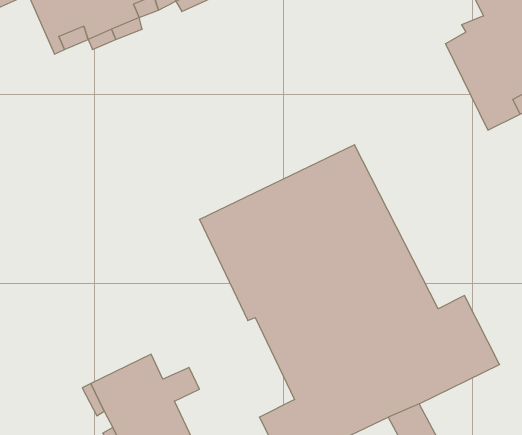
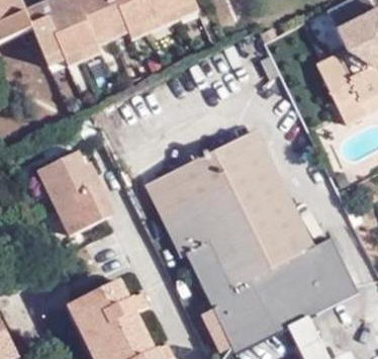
building: none -> [35,154,111,240]

